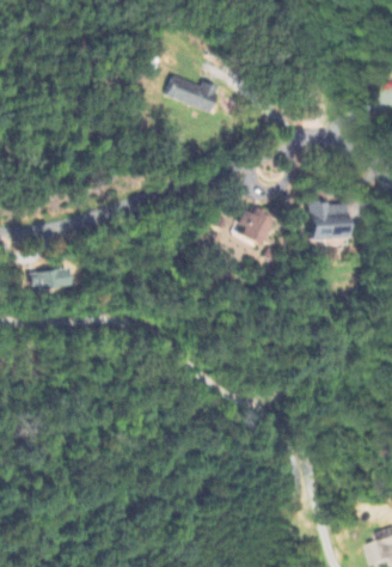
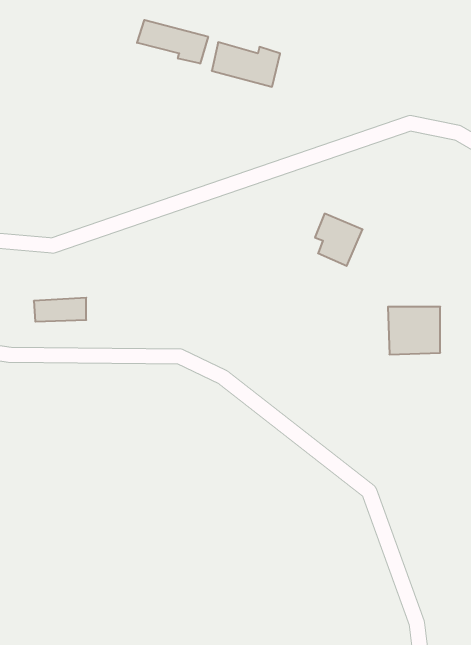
building: none -> [137,20,208,64]
building: [310,202,349,238] -> [388,307,440,354]

